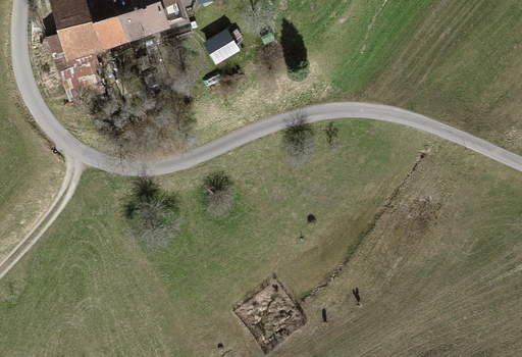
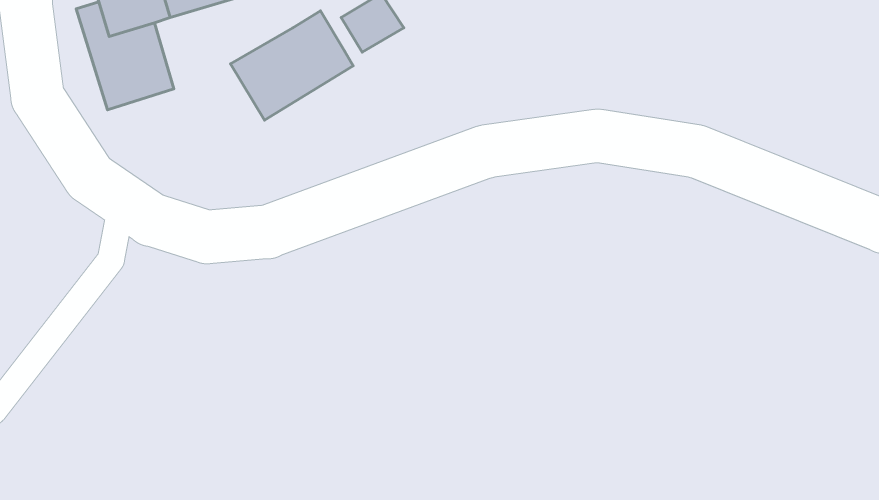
building: none -> [231,11,353,120]

